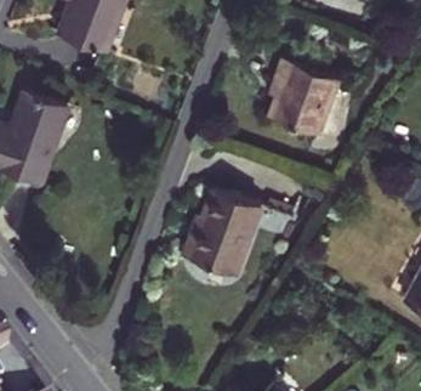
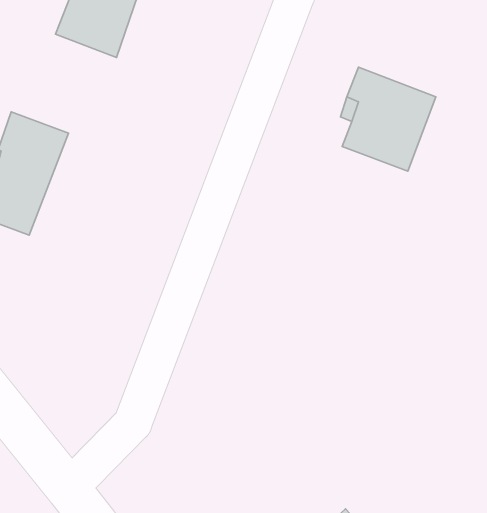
building: [189,189,263,276] -> none

